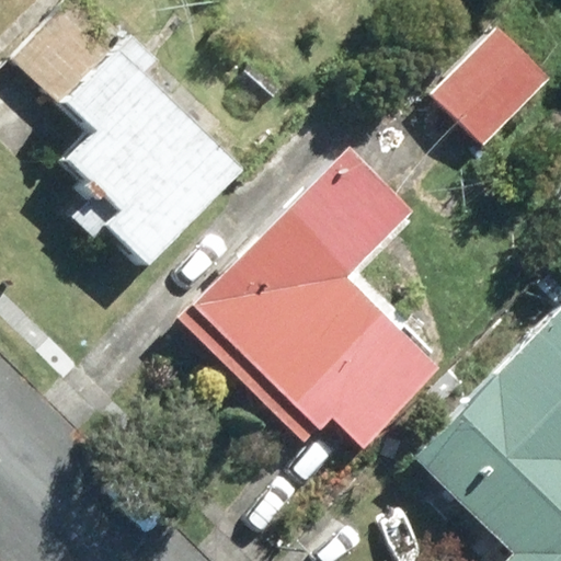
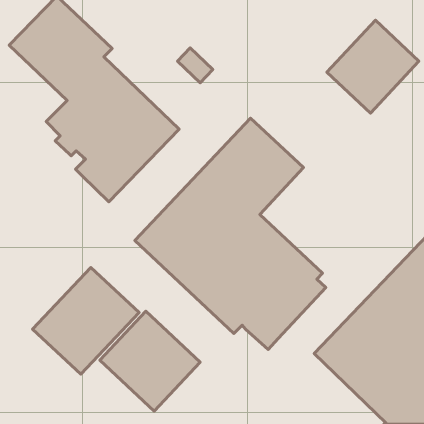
building: none -> [33,267,139,374]
building: none -> [100,311,200,411]

